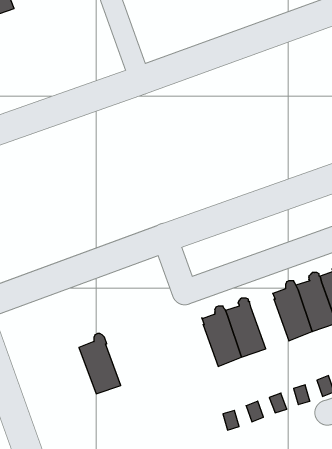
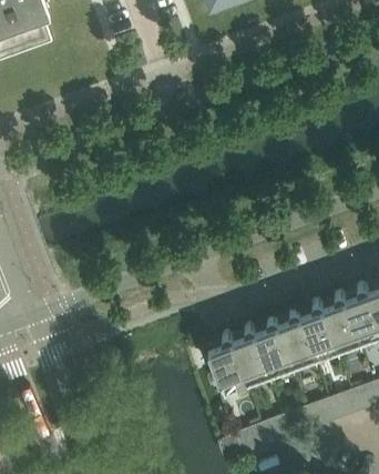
building: none -> [274,310,311,367]
building: [79,334,121,394] -> [204,334,244,392]

